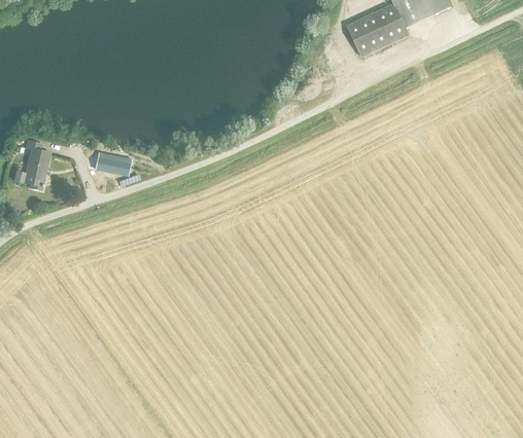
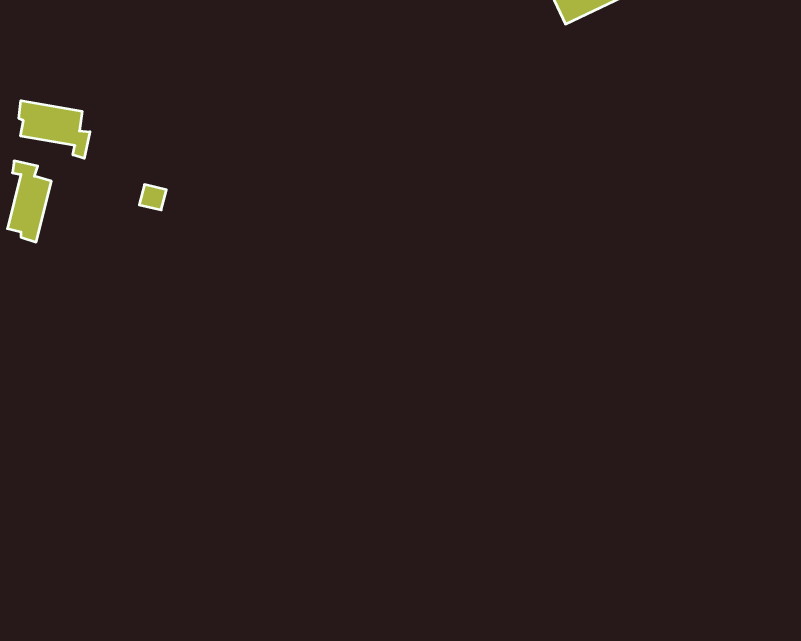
building: none -> [19,101,90,158]

